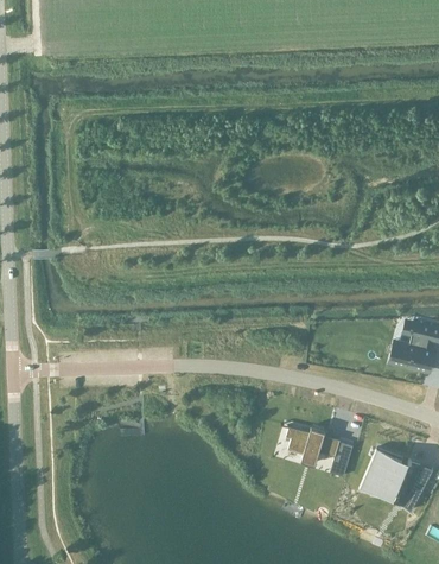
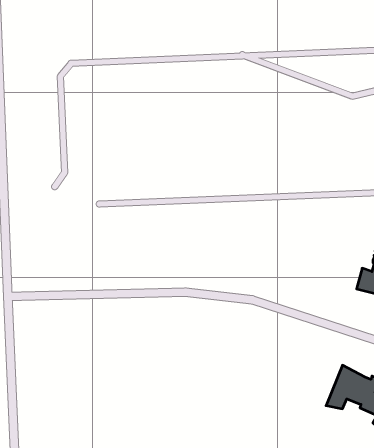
building: [287,426,341,464] -> none

